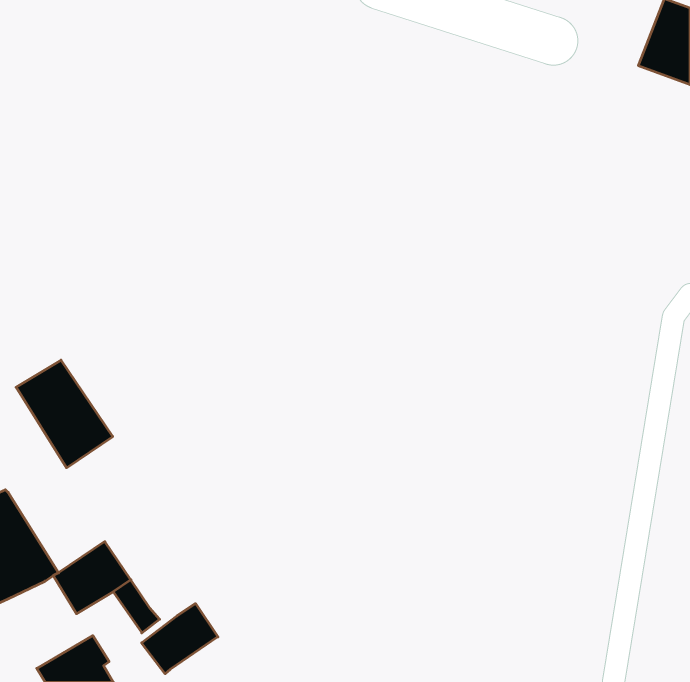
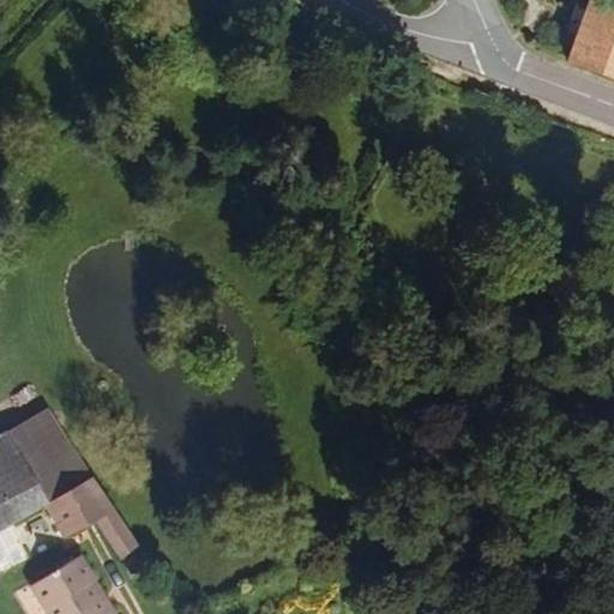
building: [16,360,113,468] -> [7,409,92,504]
building: [142,604,218,674] -> none

